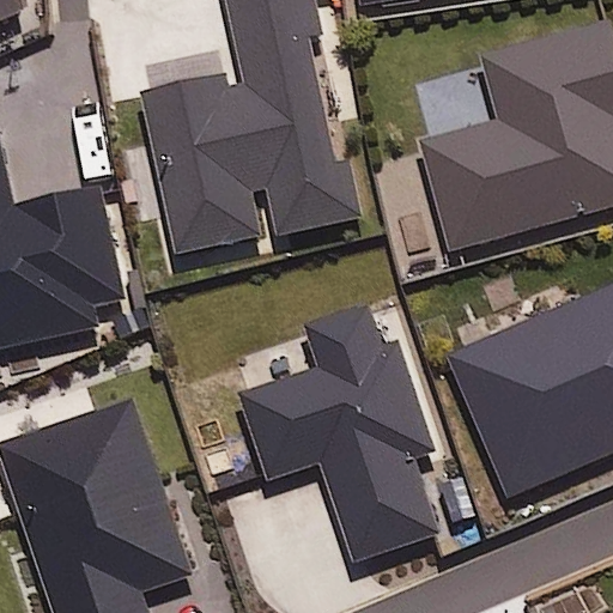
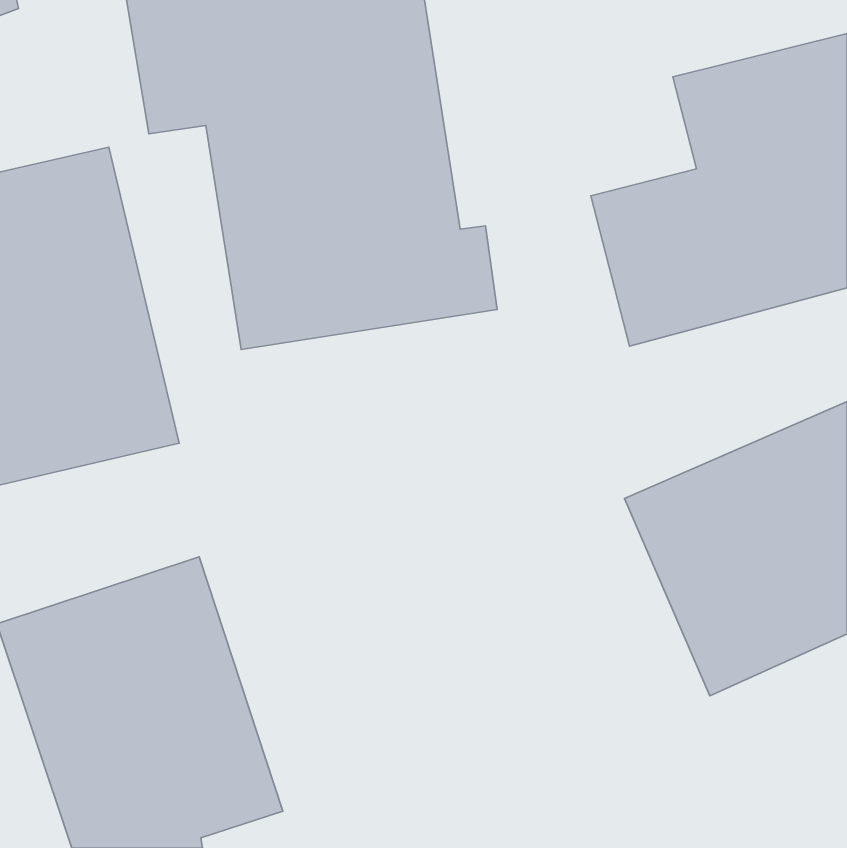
building: [243,306,436,562] -> none

